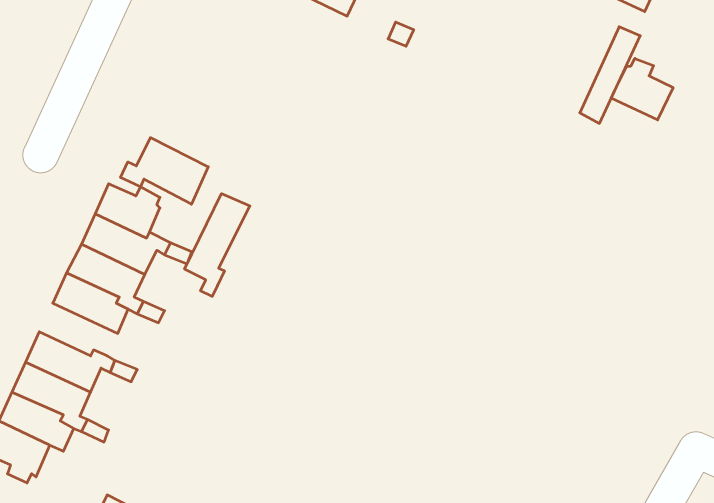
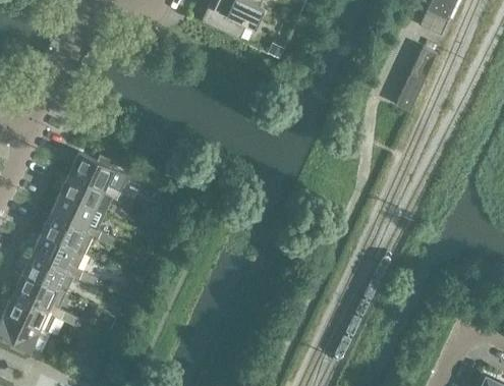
building: [611,58,673,120] -> none
building: [121,138,208,204] -> none
building: [185,194,250,296] -> none
building: none -> [32,231,85,267]

